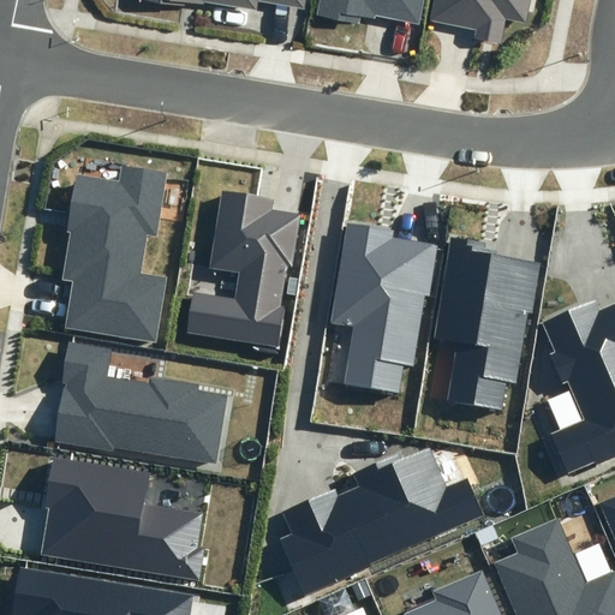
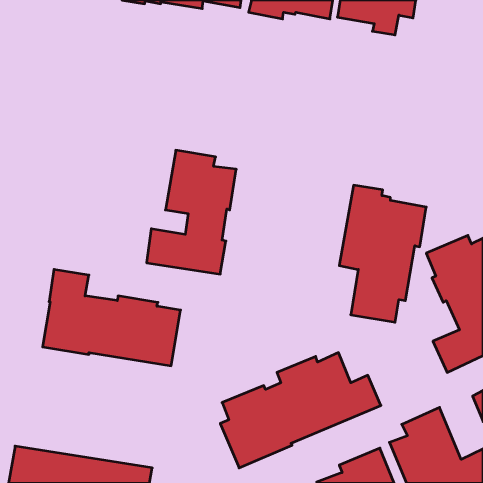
building: [62,165,167,341] -> none
building: [332,223,438,392] -> none
building: [41,456,205,583] -> none

